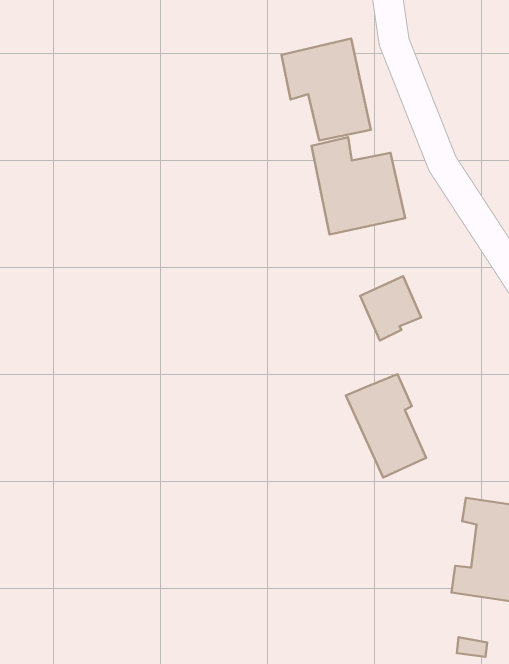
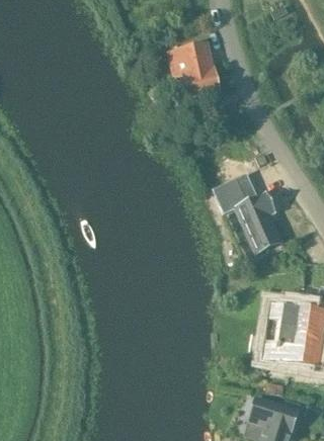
building: [311,137,405,234] -> none
building: [346,374,426,478] -> [235,192,280,251]

